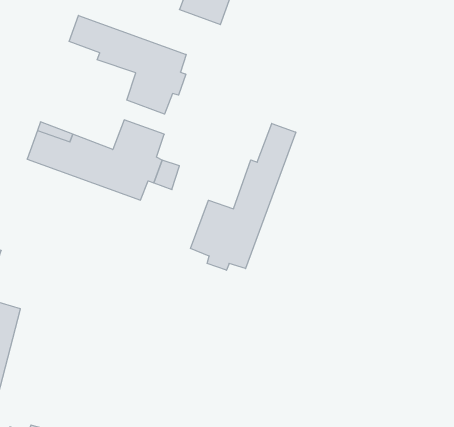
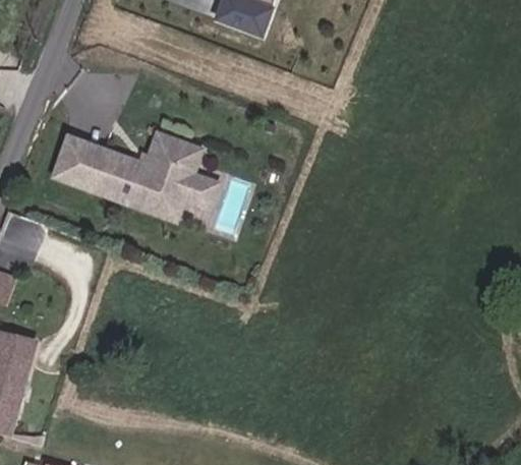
building: [69,15,186,114] -> none
building: [191,123,296,270] -> none

